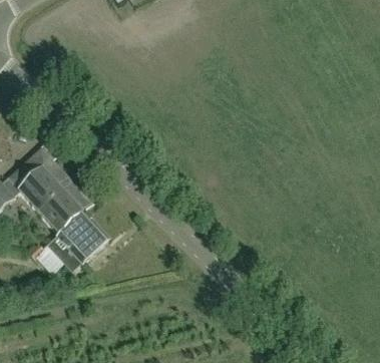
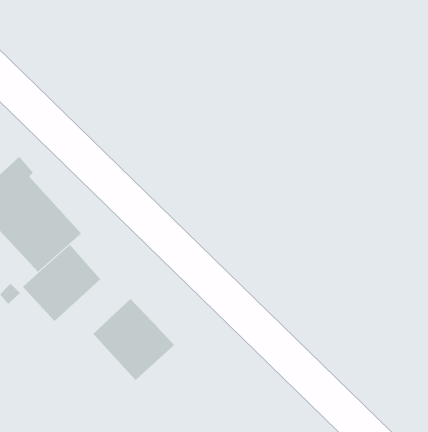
building: none -> [93,298,175,381]

